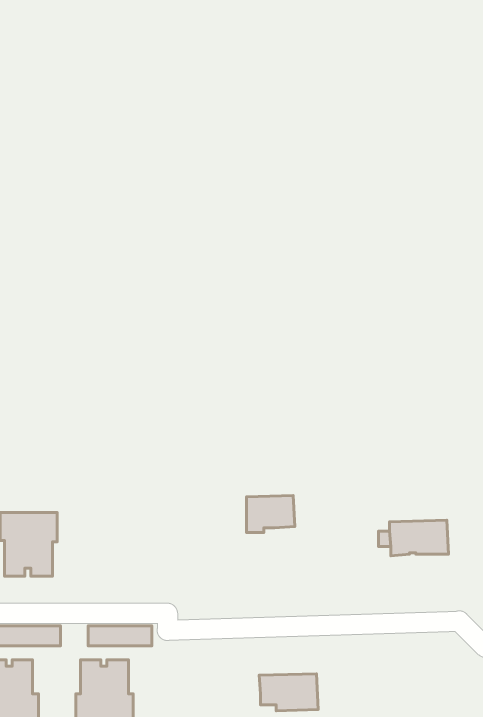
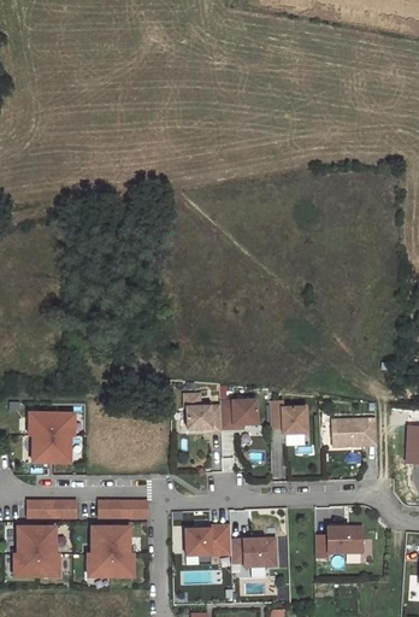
building: none -> [184,393,220,431]
building: none -> [270,409,306,433]
building: none -> [184,524,231,556]
building: none -> [315,525,361,556]

